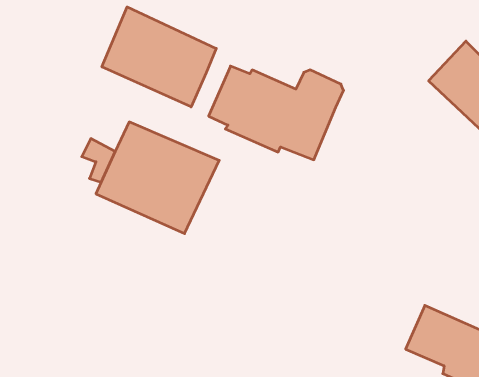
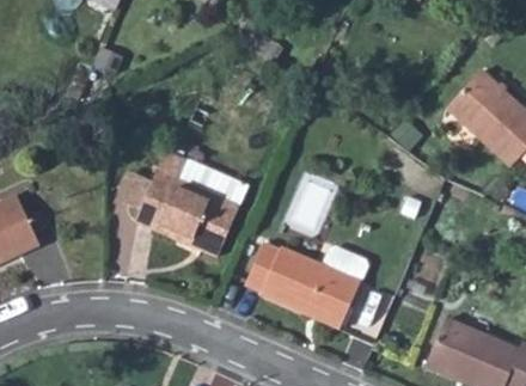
building: [102,7,216,107] -> none
building: [209,66,344,160] -> [245,231,371,318]

